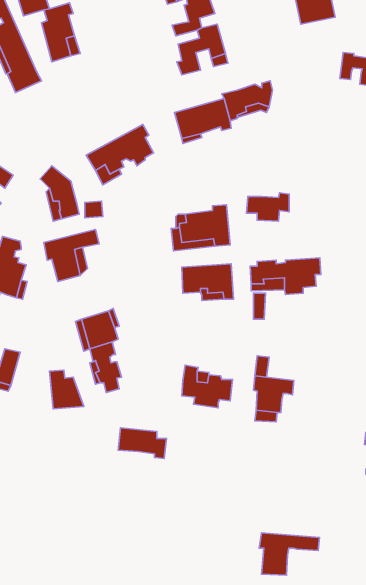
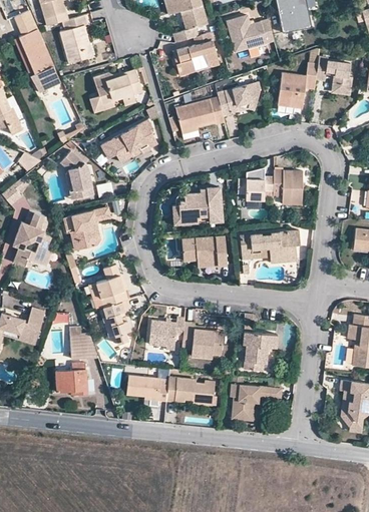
building: none -> [228,17,276,53]
building: none -> [277,63,318,107]
building: none -> [94,71,142,104]
building: none -> [273,170,303,205]
building: none -> [149,321,184,347]
building: none -> [56,364,87,395]
building: none -> [166,378,215,406]
building: [259,533,319,575] -> [230,385,281,421]

